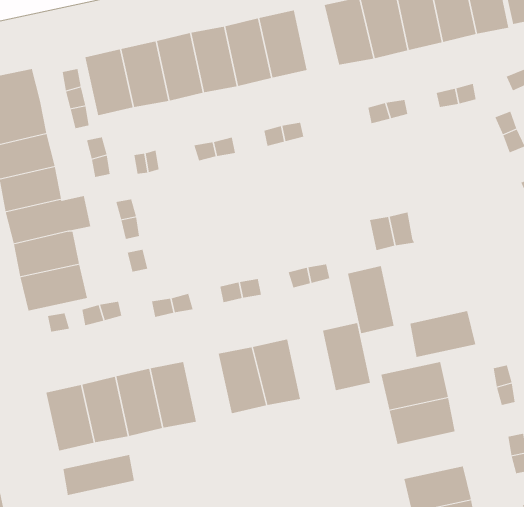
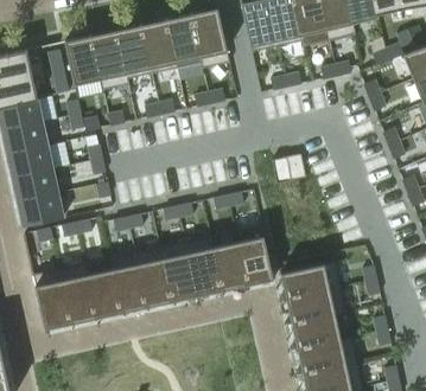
building: [347,265,394,334] -> [212,242,247,291]
building: [409,310,476,358] -> [292,315,341,350]
building: none -> [136,258,171,308]
building: [63,454,134,496] -> none

